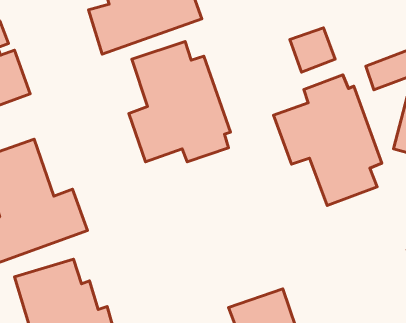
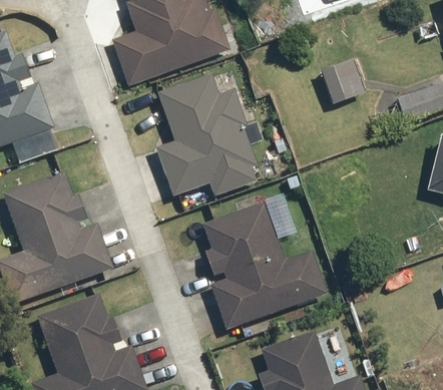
building: [274,75,382,206] -> none
building: none -> [206,202,329,329]

